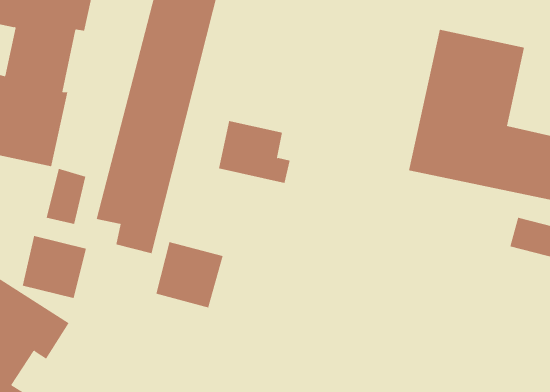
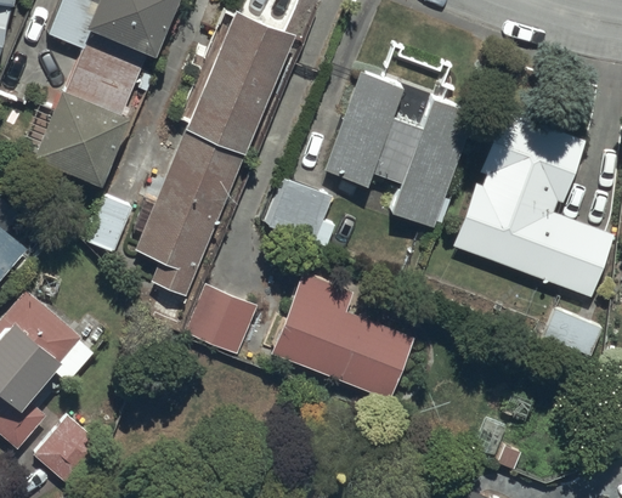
building: none -> [324,68,474,225]
building: none -> [270,275,414,403]
building: [22,235,87,299] -> none

